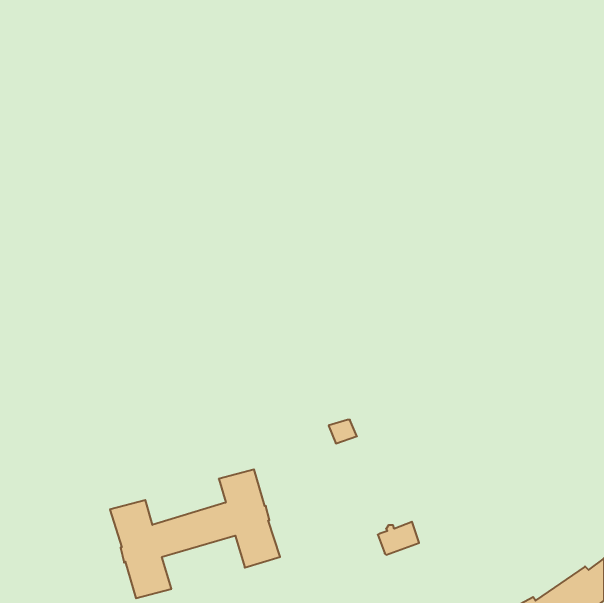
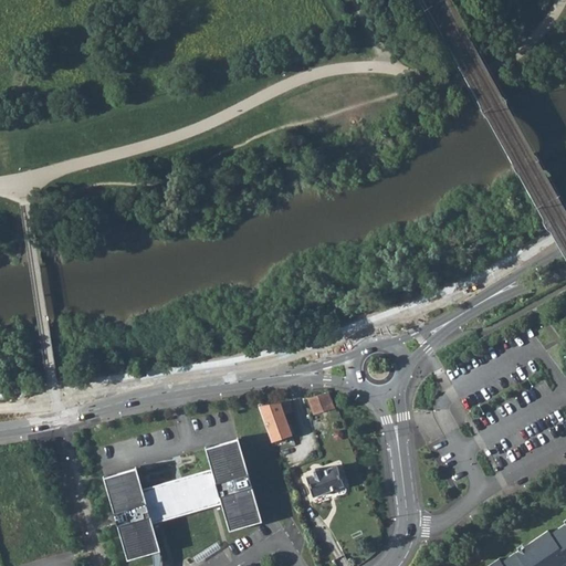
building: none -> [258,401,292,443]
building: [378,522,419,555] -> [305,467,344,497]

